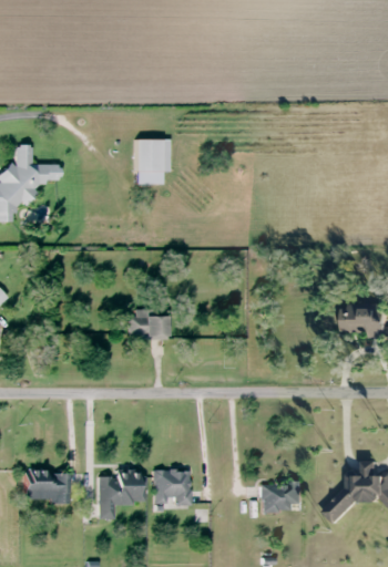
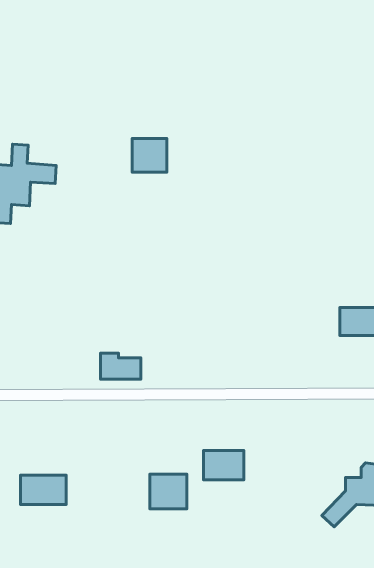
building: [129,311,169,337] -> [101,353,141,379]
building: [100,473,146,518] -> none
building: [263,481,303,509] -> [204,451,244,480]

